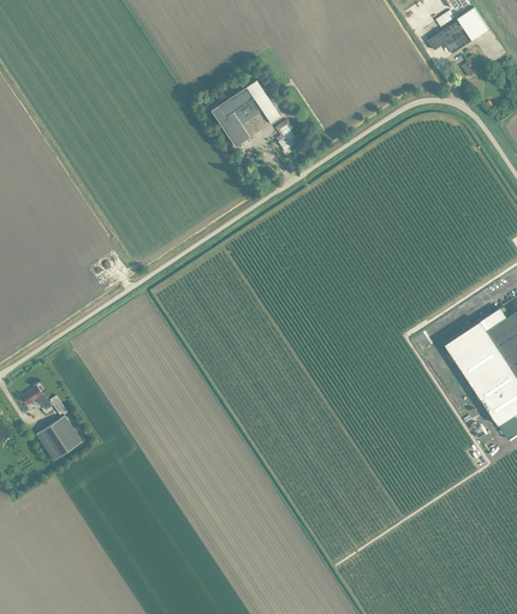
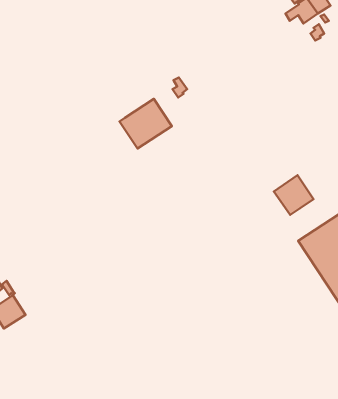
building: [210,81,280,147] -> [119,99,172,149]
building: none -> [274,175,313,215]

